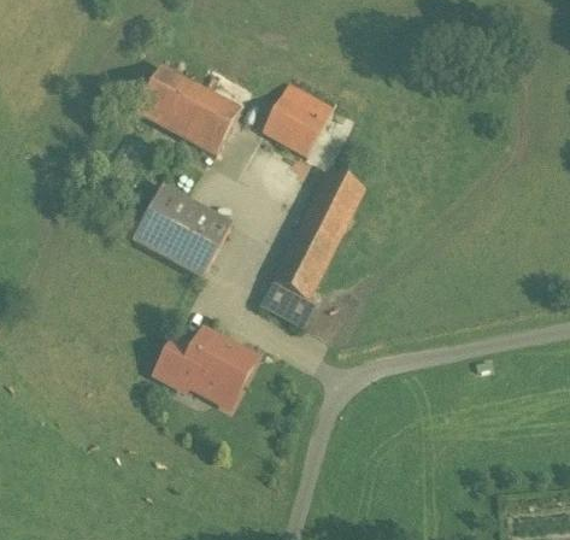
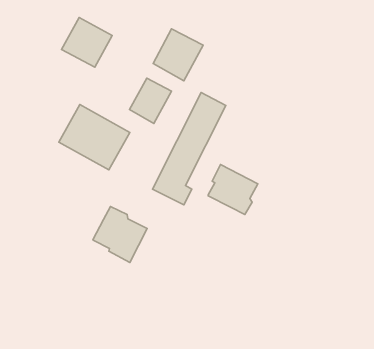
building: [183,92,241,154] -> [130,78,171,124]
building: none -> [208,164,258,214]
building: [155,335,195,386] -> none

